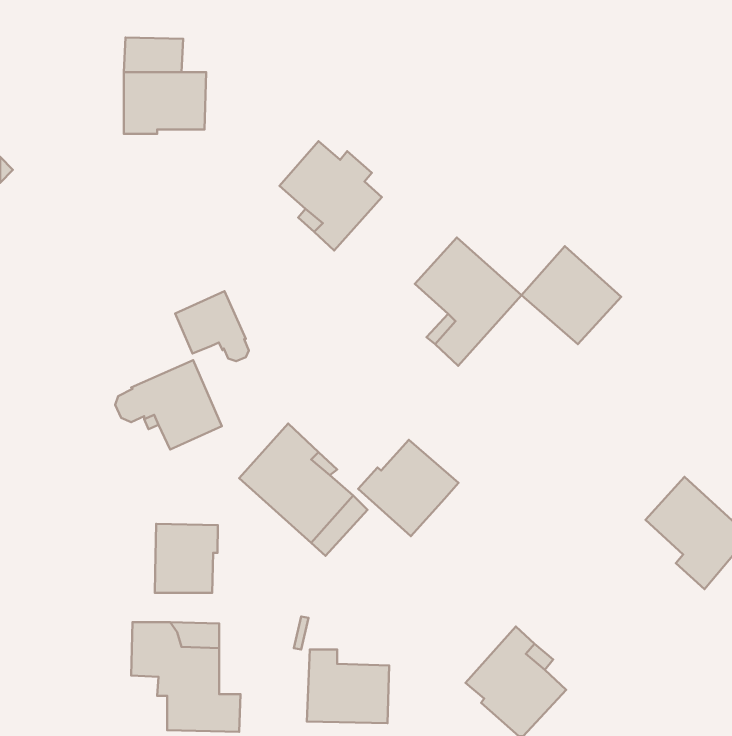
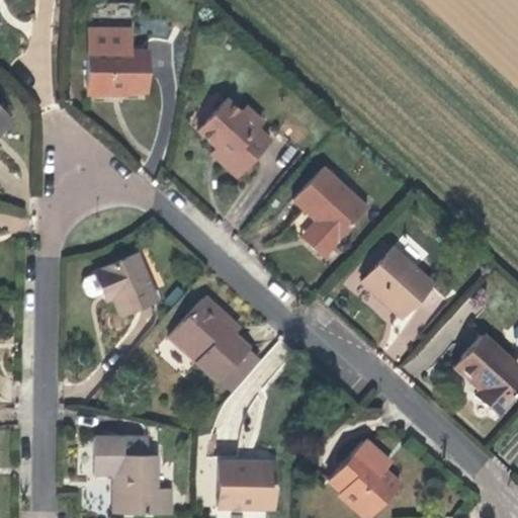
building: [522,246,621,344] -> [363,248,433,317]
building: [175,291,249,361] -> none
building: [358,440,459,536] -> none
building: [155,524,218,593] -> none

